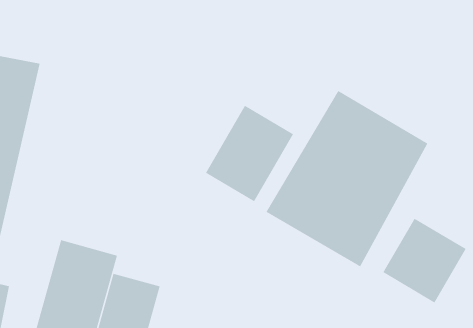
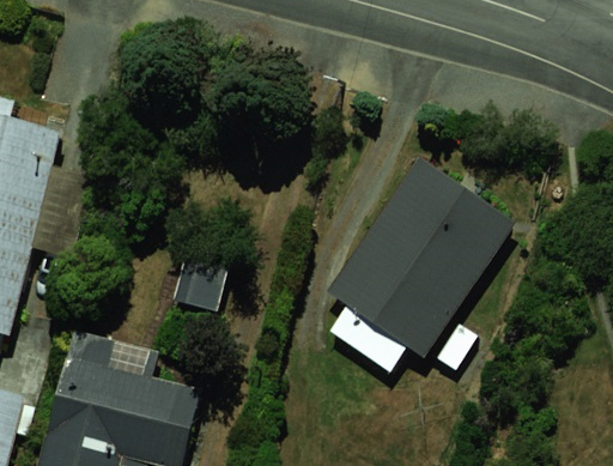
building: [205,105,294,202] -> none
building: [382,218,467,303] -> none

